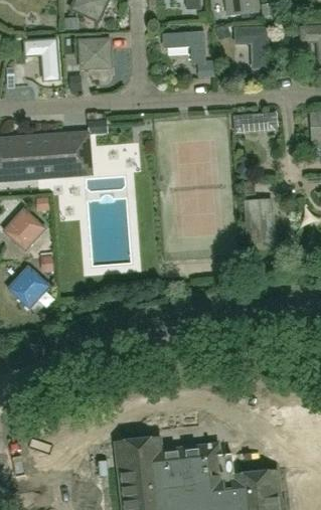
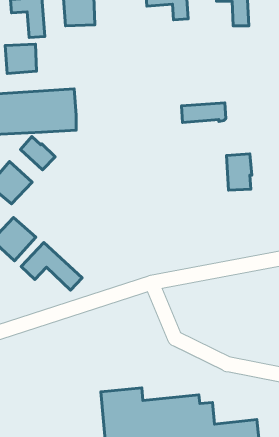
building: none -> [5,44,36,73]
building: [232,111,278,131] -> [182,103,226,123]
building: none -> [20,137,55,170]
building: none -> [21,242,82,290]

